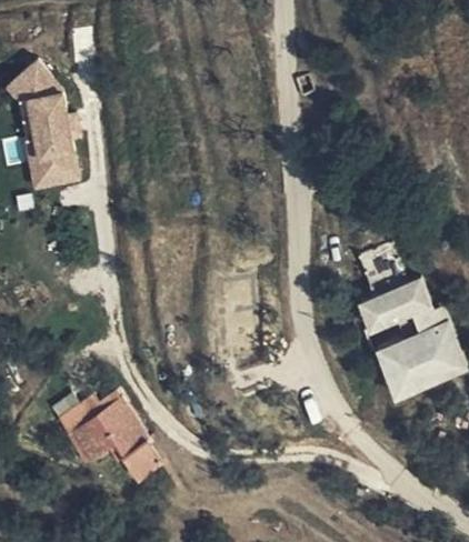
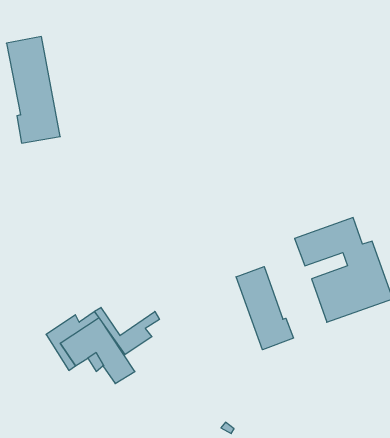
building: none -> [236,267,293,350]
building: none -> [95,307,159,355]

